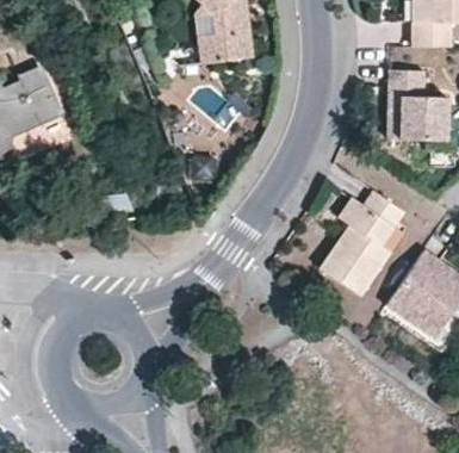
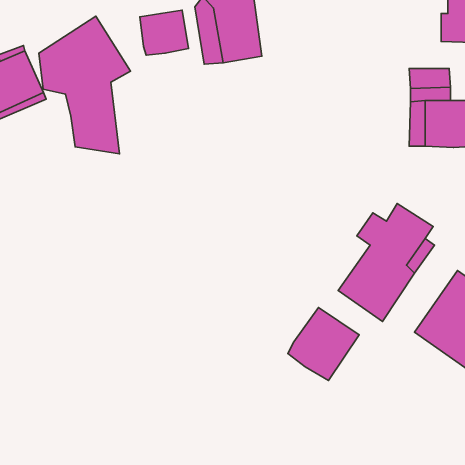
building: none -> [140,10,188,55]
building: none -> [39,16,131,154]
building: none -> [288,308,359,381]

